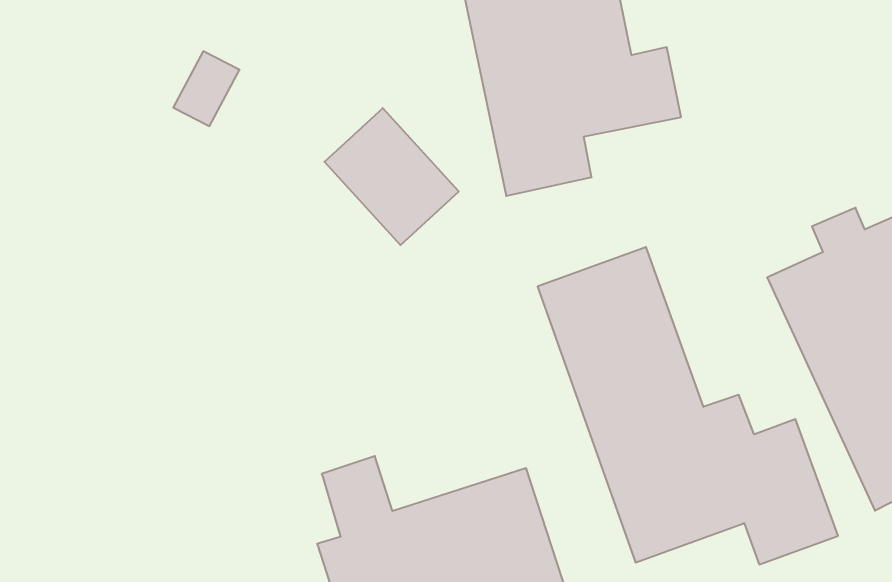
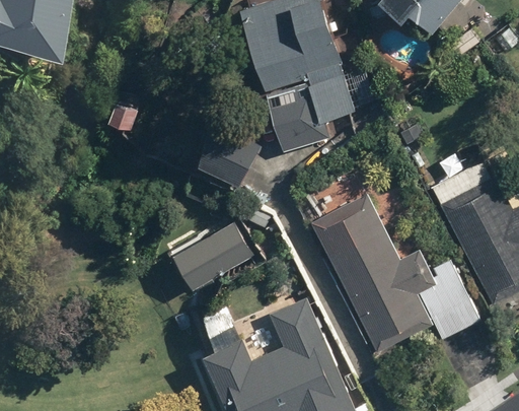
building: none -> [175,228,251,293]

